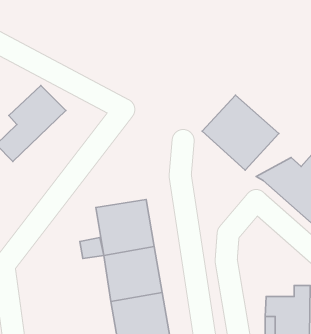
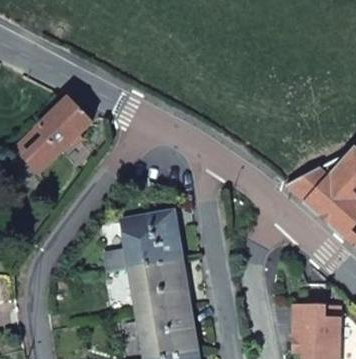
building: [202,95,279,170] -> none

